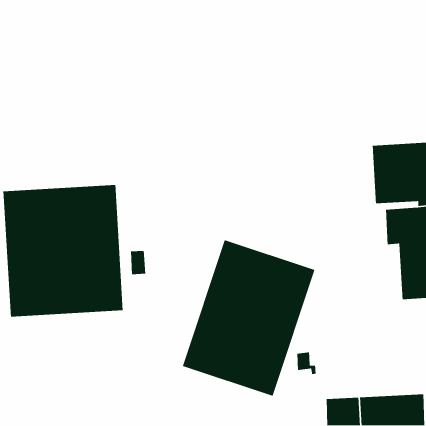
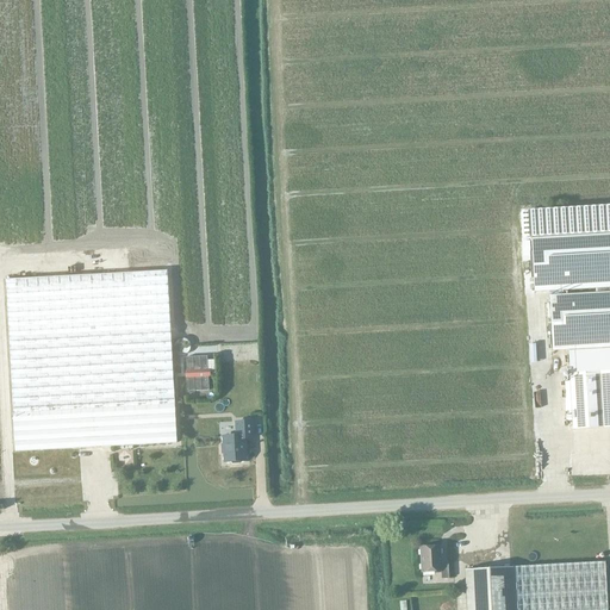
building: [182,239,316,397] -> none
building: none -> [223,422,253,463]
building: [296,352,317,375] -> [422,546,450,579]

